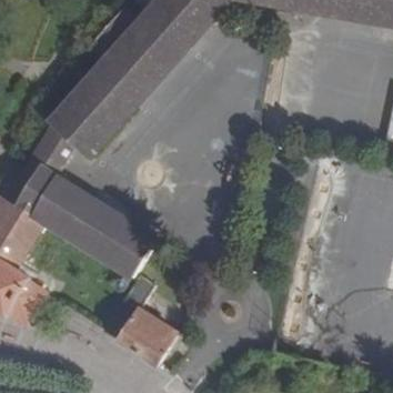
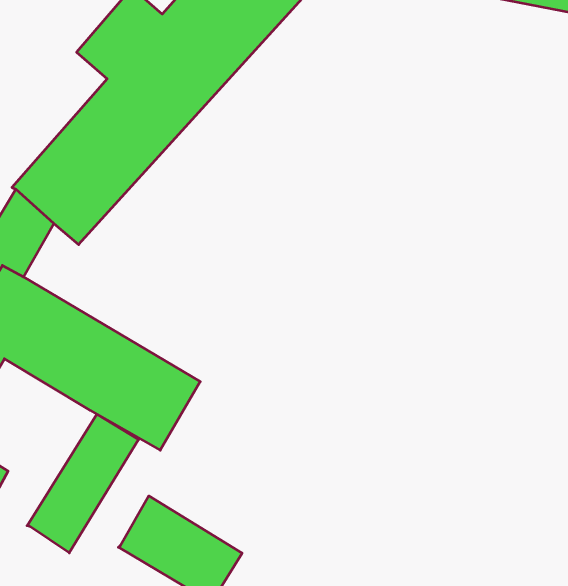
building: none -> [27,414,139,553]

